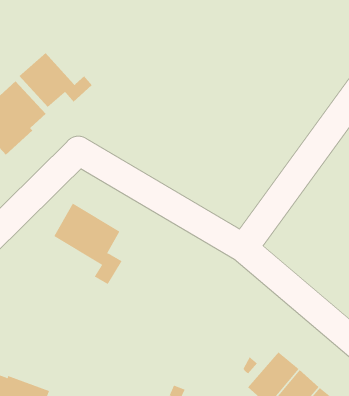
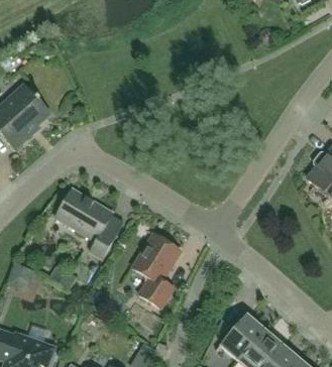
building: [19,52,93,108] -> none
building: none -> [132,233,180,308]

